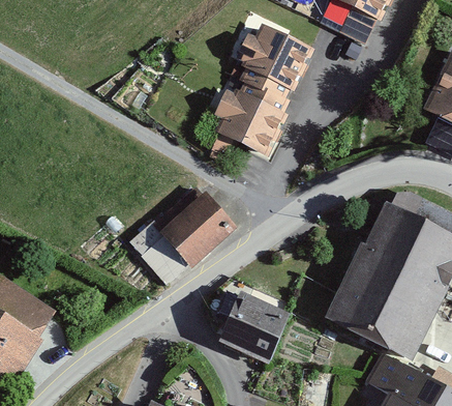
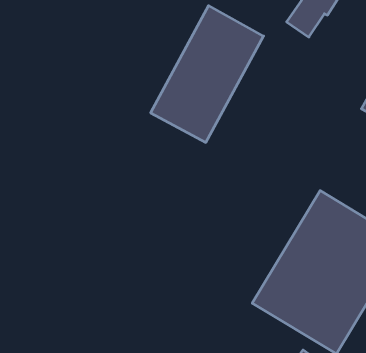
building: [127,183,235,286] -> none
building: [218,290,293,365] -> none

